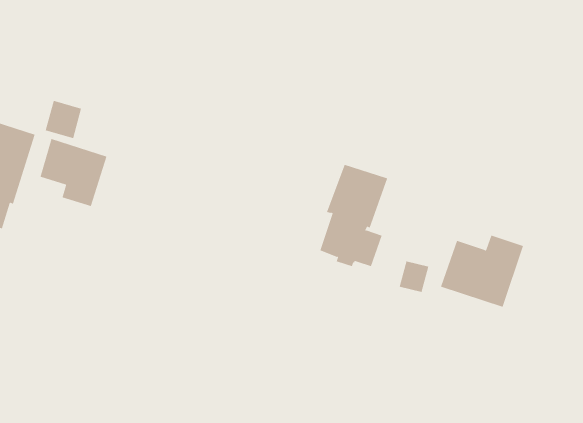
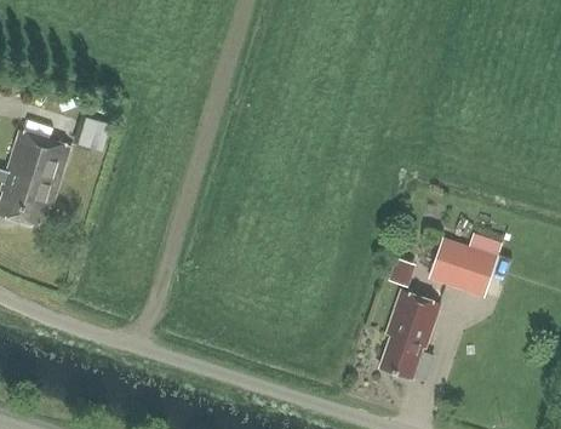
building: [40,138,107,207] -> none
building: [319,164,388,267] -> [379,292,440,383]

